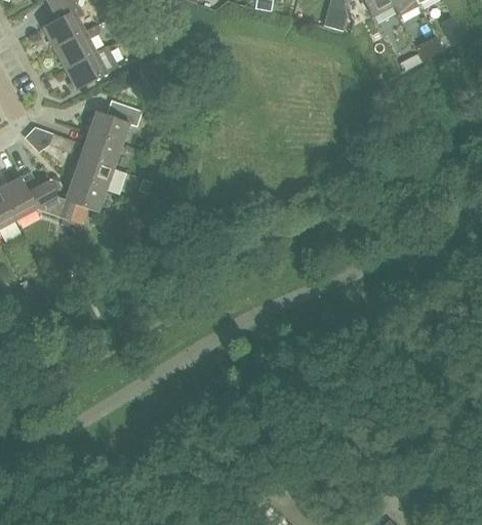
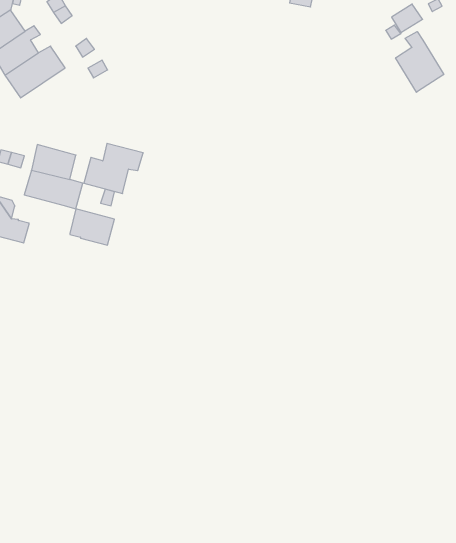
building: none -> [396,32,444,92]
building: [87,98,143,145] -> [84,143,143,194]
building: [65,176,106,211] -> [70,209,114,245]

